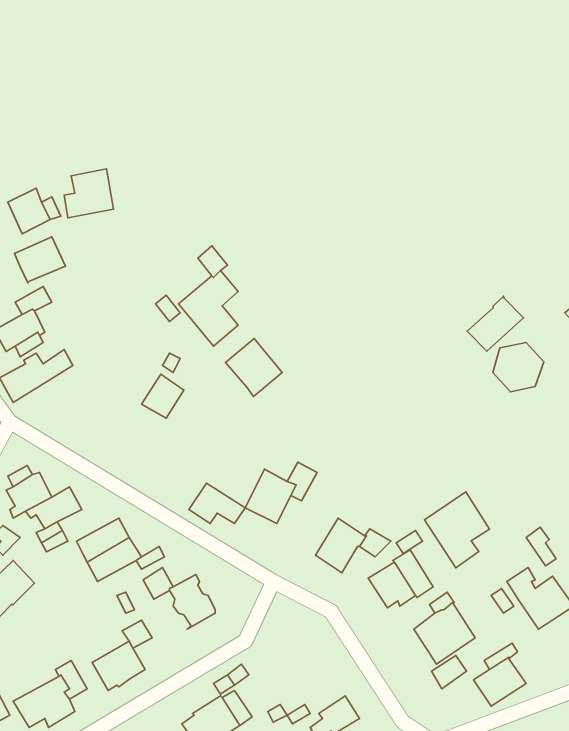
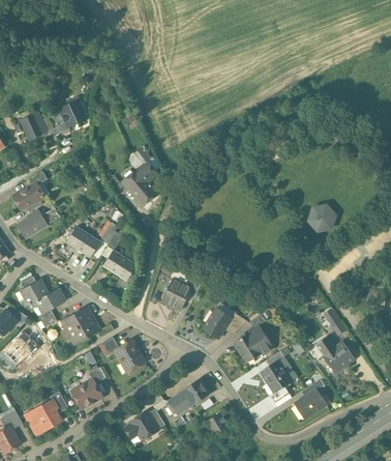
building: [14,237,66,283] -> none
building: [467,296,523,351] -> none
building: [225,339,282,396] -> none
building: none -> [70,226,99,257]
building: [189,483,245,524] -> [103,250,137,273]
building: [425,492,490,568] -> none
building: none -> [169,379,209,410]

